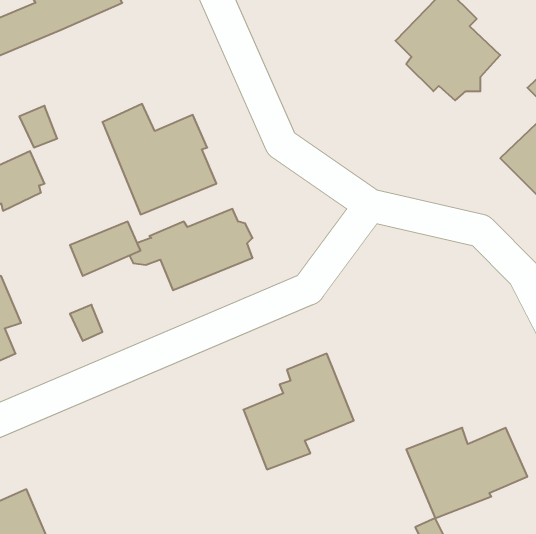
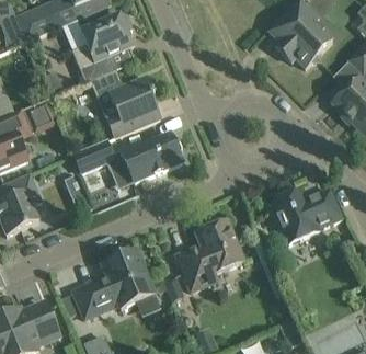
building: none -> [70,14,131,82]
building: none -> [71,249,153,318]
building: [406,428,527,518] -> [267,189,341,243]

